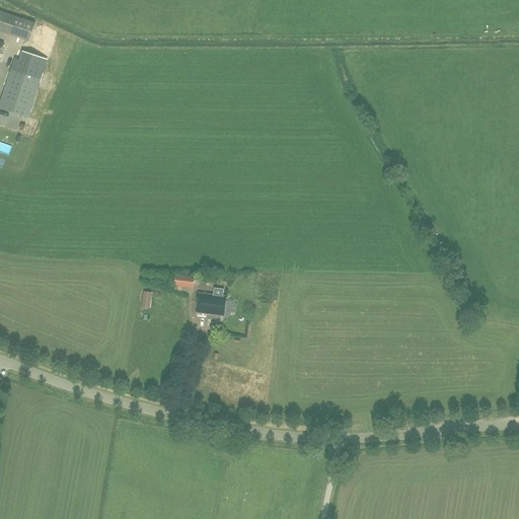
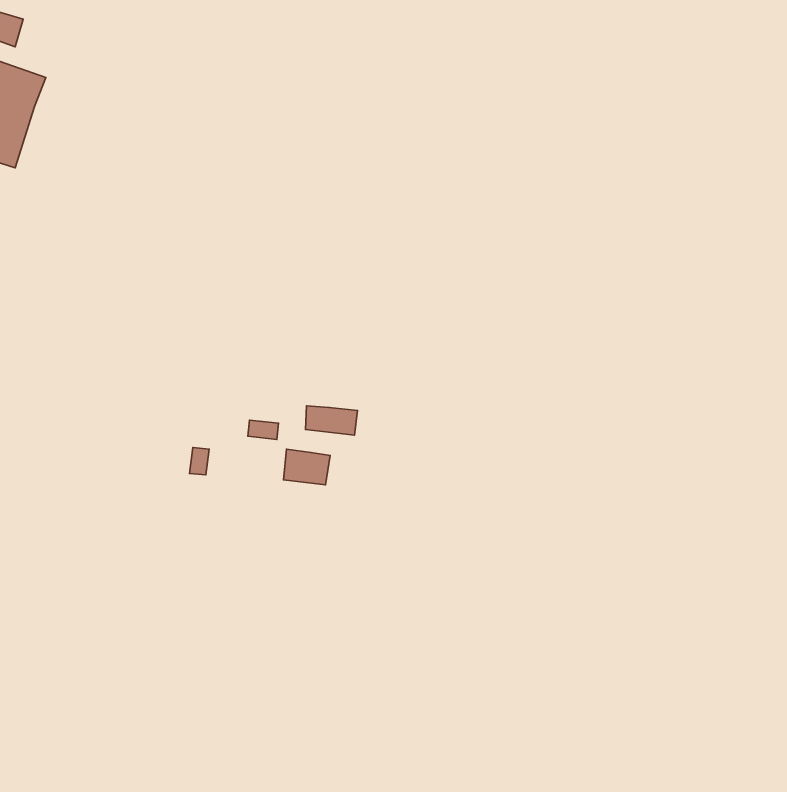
building: none -> [306,406,358,435]

